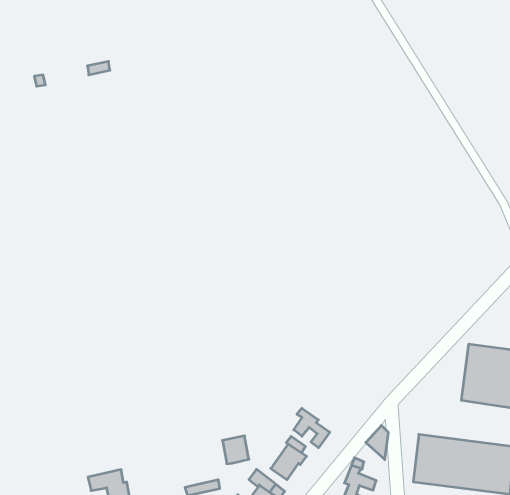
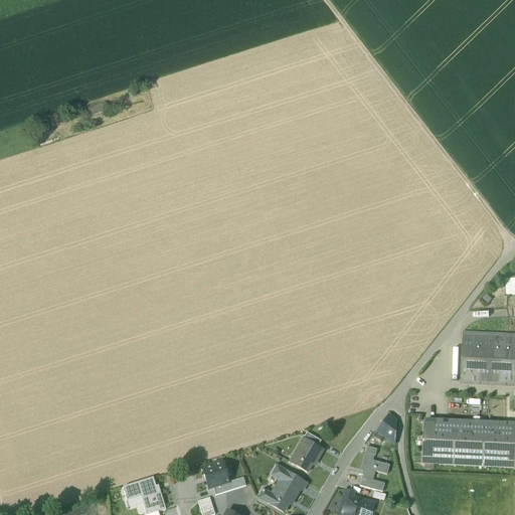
building: [294,408,330,448] -> none
building: [222,436,249,464] -> [202,461,228,488]

